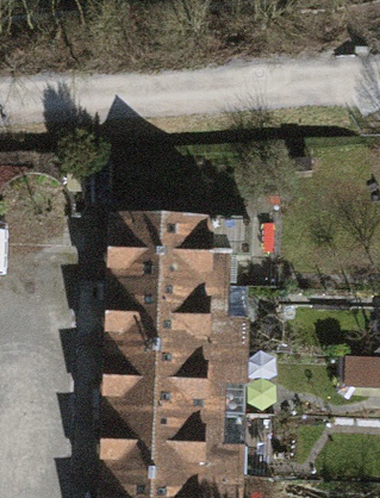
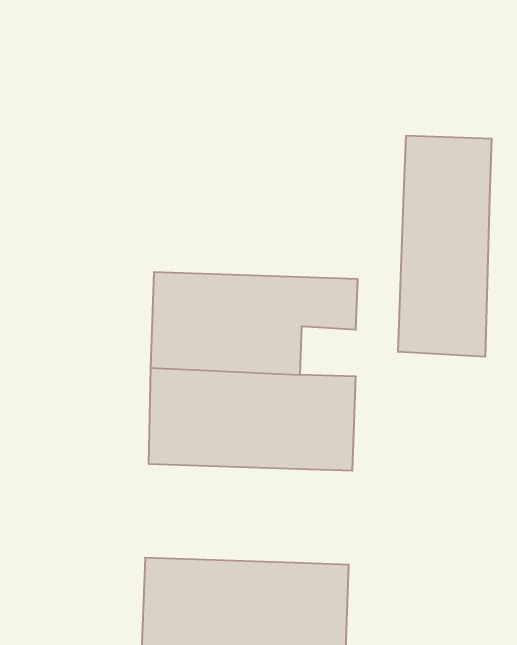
building: none -> [398,136,492,357]
building: [101,347,243,416] -> none

